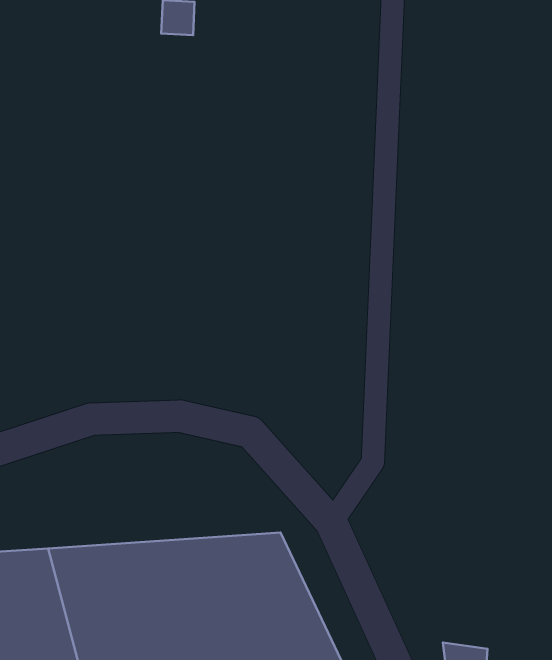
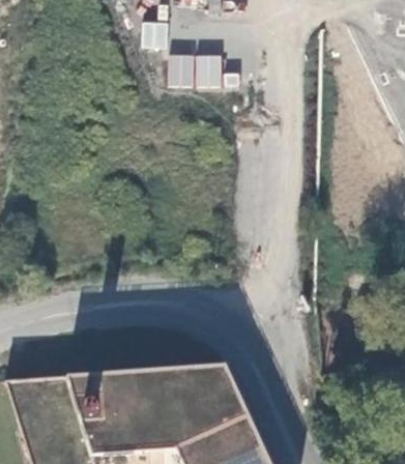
building: none -> [169,53,221,84]

